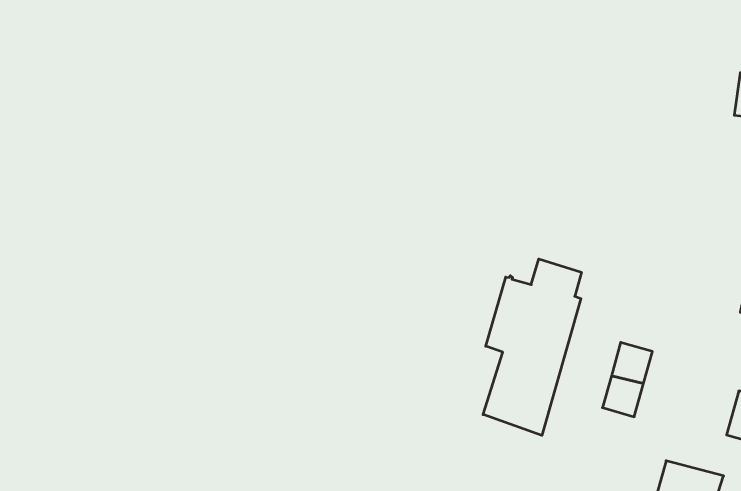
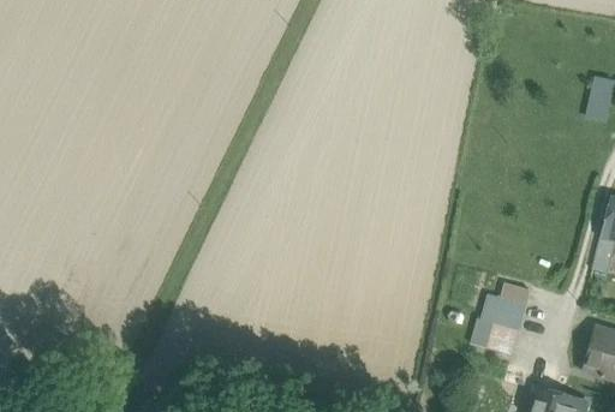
building: [483,259,581,435] -> none

